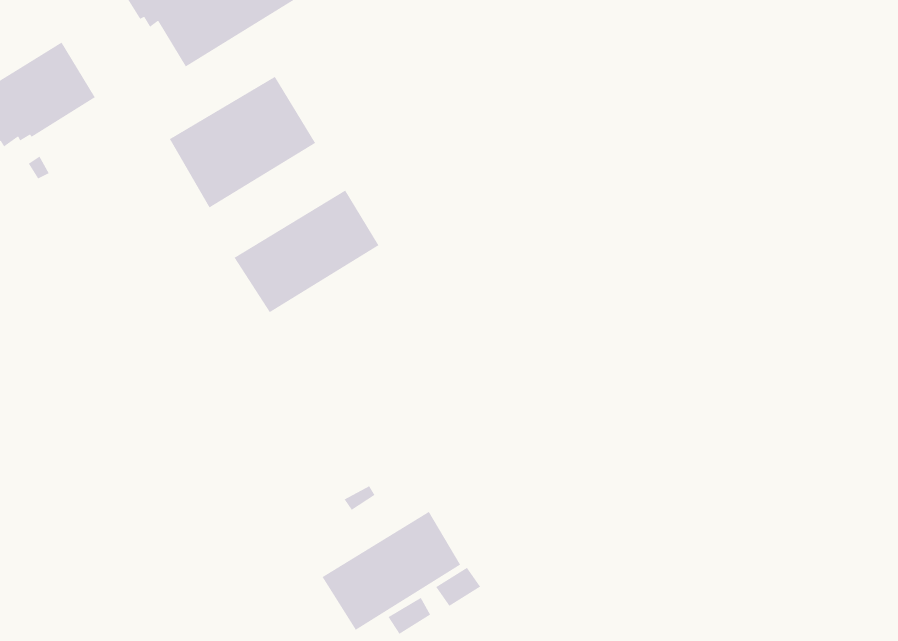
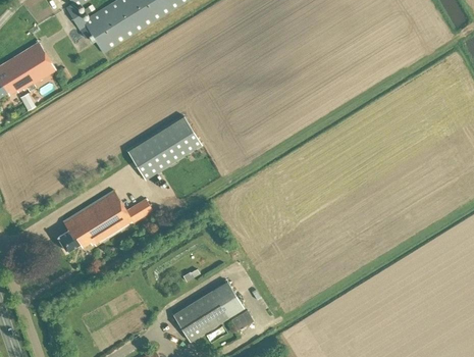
building: [169,76,316,208] -> none
building: none -> [56,190,151,251]

